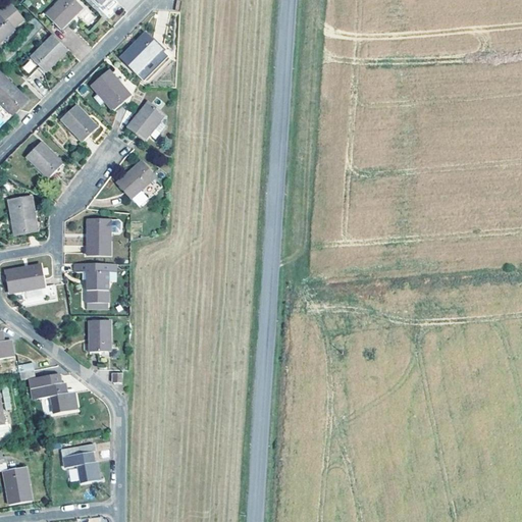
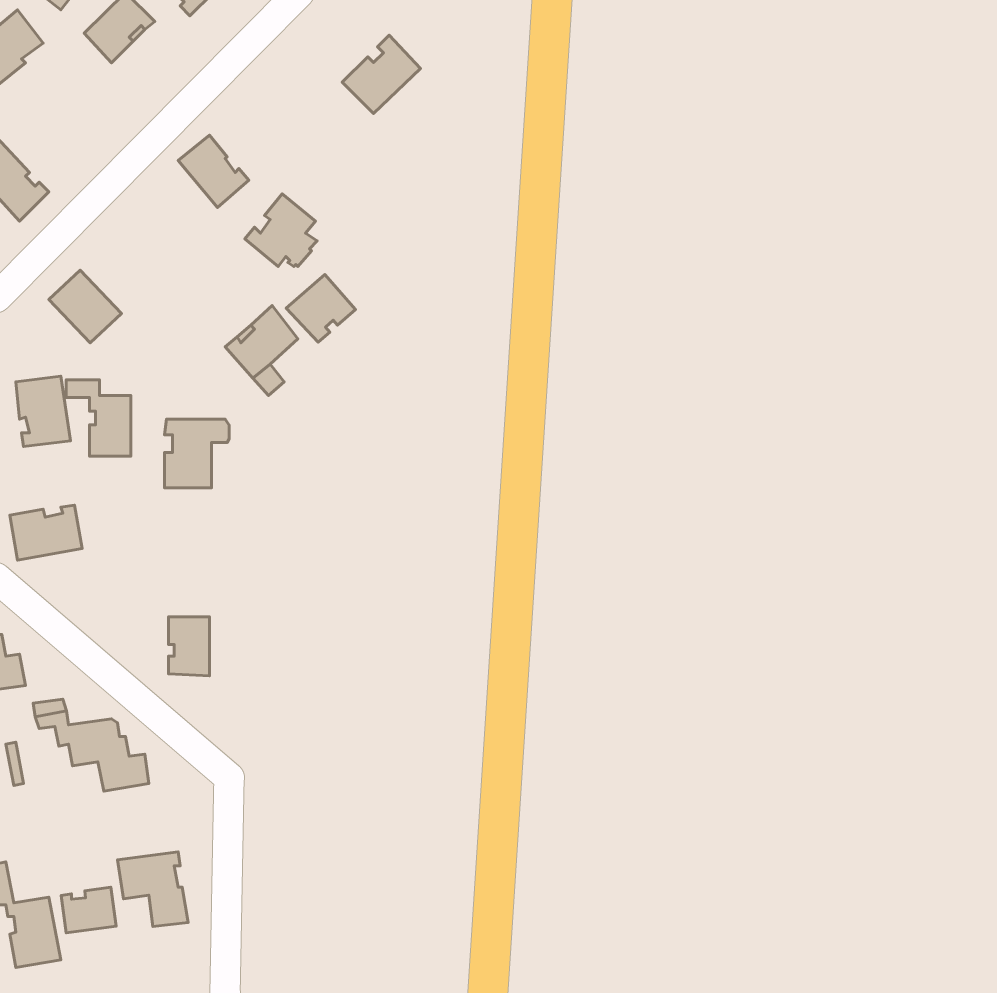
building: [120,32,161,72] -> [342,35,421,113]
building: [29,38,66,74] -> none
building: [60,103,98,142] -> none
building: none -> [286,274,356,342]
building: [74,263,108,303] -> [66,380,131,456]
building: none -> [61,887,116,933]

